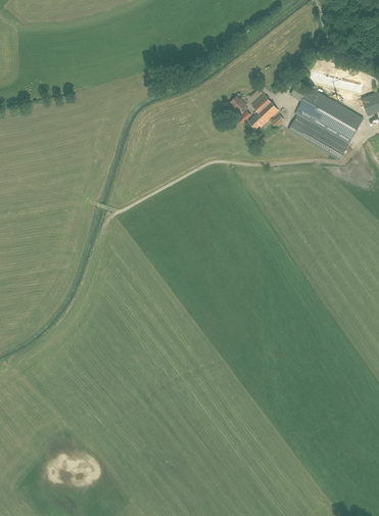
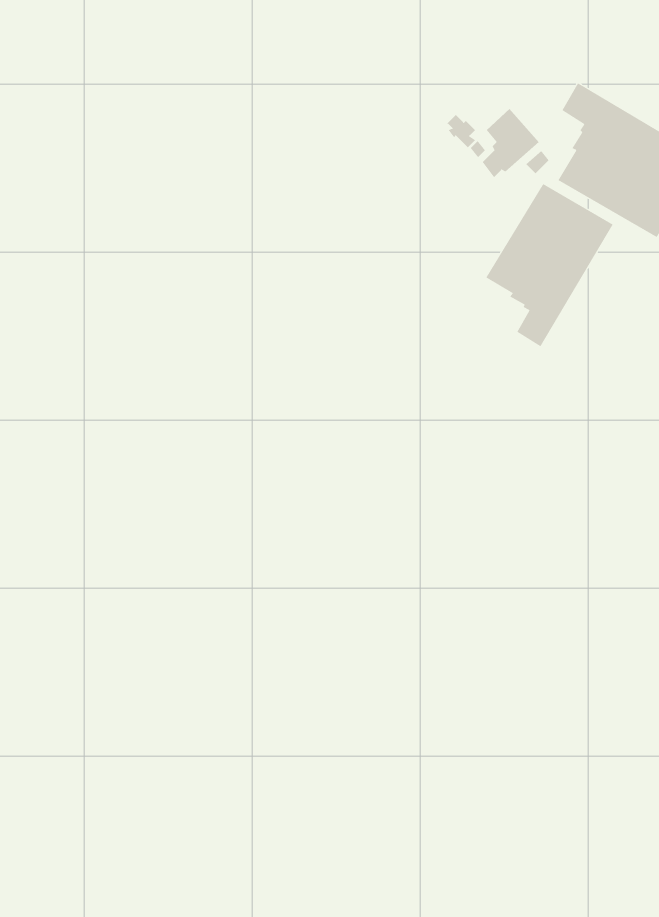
building: none -> [486,183,613,347]

